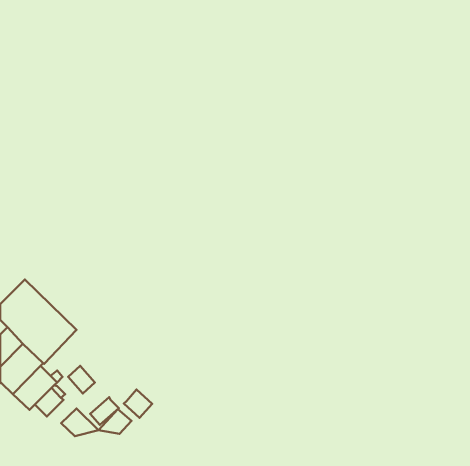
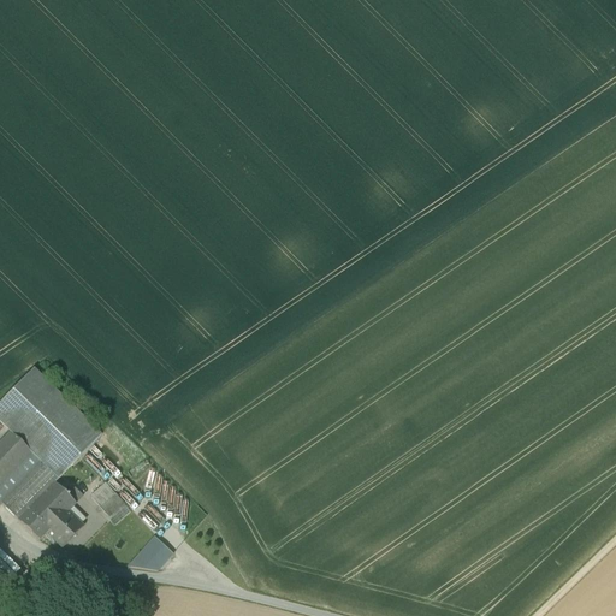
building: [124,389,152,418] -> none
building: [90,397,119,425] -> none
building: [61,408,98,436] -> none

